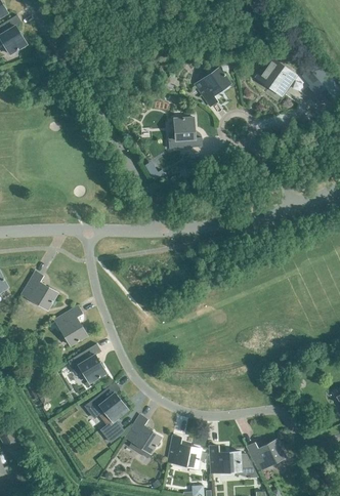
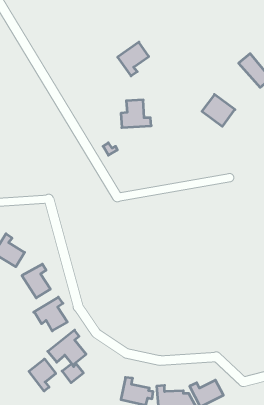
building: [257,58,295,95] -> [202,94,235,126]
building: [195,68,230,107] -> [118,42,149,76]
building: [126,415,162,458] -> none
building: none -> [29,359,56,391]

